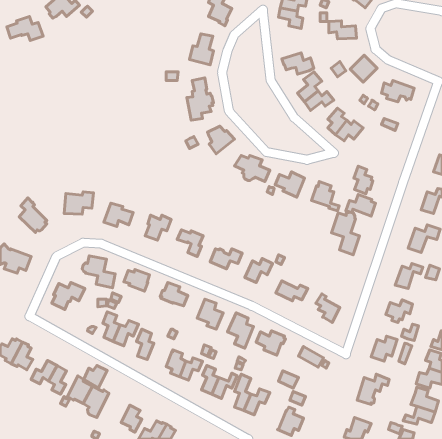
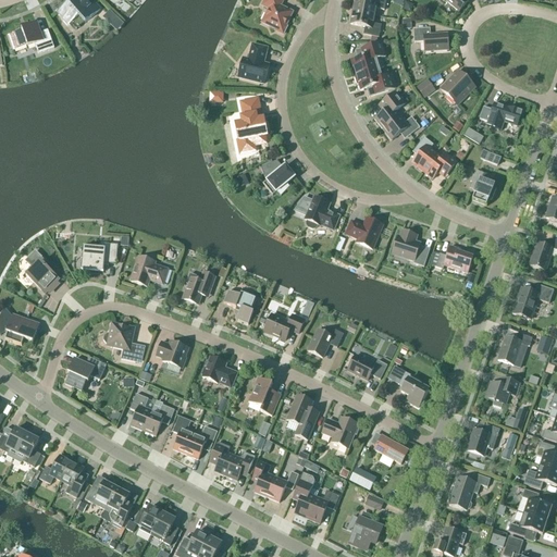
building: none -> [351,42,385,74]
building: [354,166,373,194] -> [471,169,495,203]
building: [331,212,360,255] -> none
building: none -> [185,425,218,458]
building: [84,365,107,388] -> [134,504,163,532]

